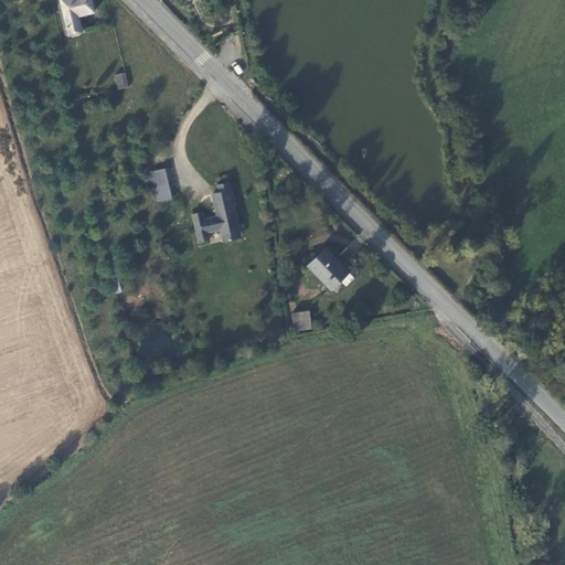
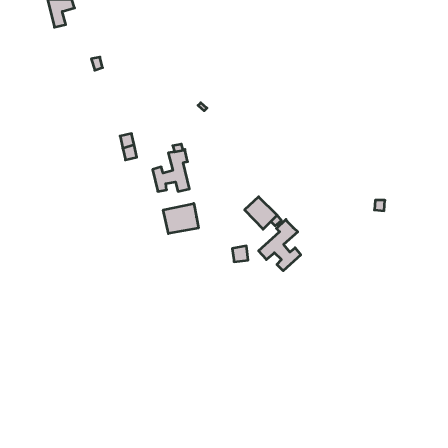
building: none -> [163,203,198,234]
building: none -> [259,219,301,271]

